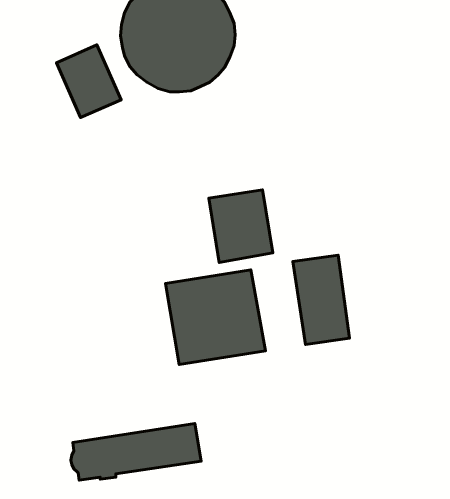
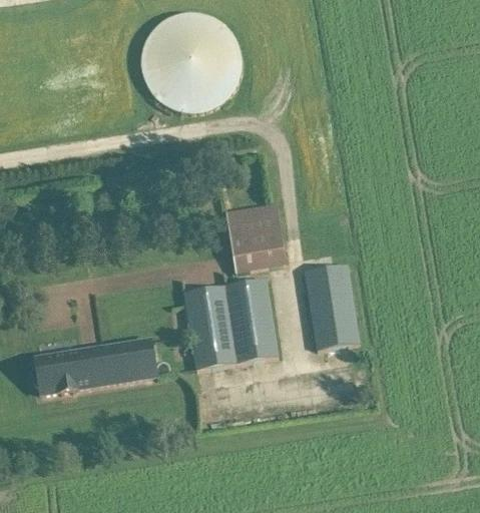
building: [57,45,121,117] -> none
building: [71,423,201,480] -> [33,340,157,394]

